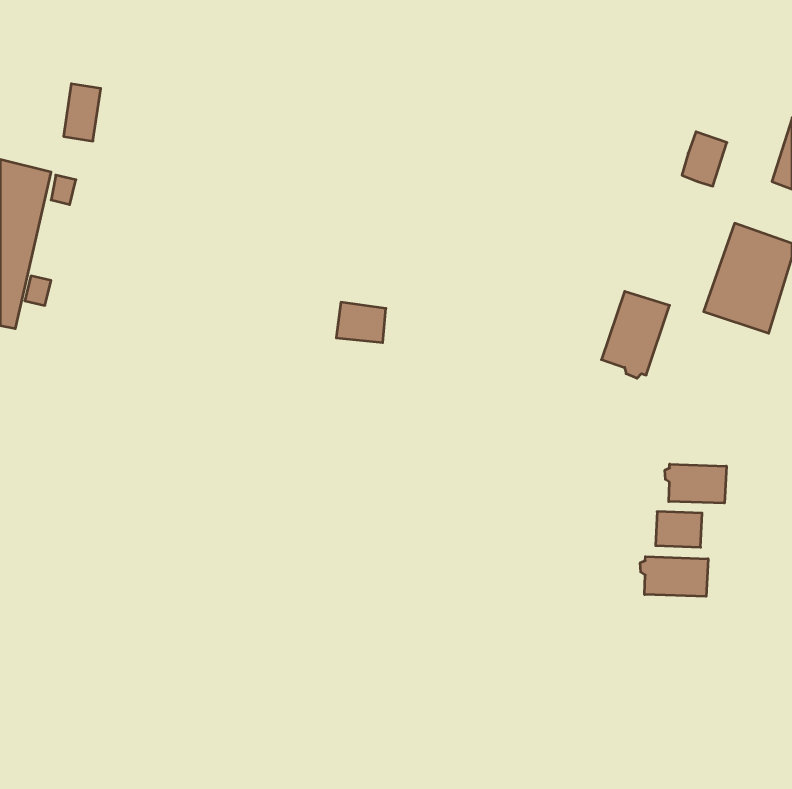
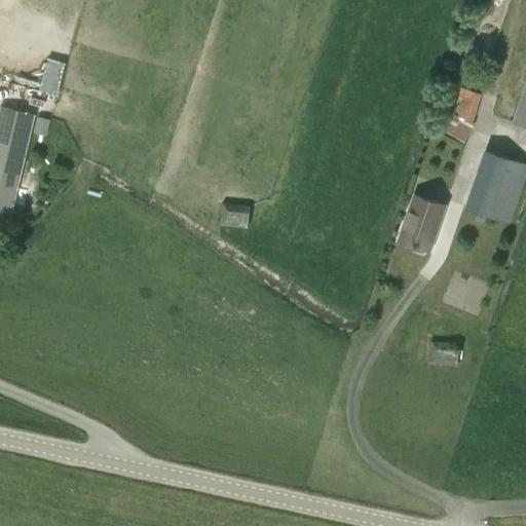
building: [665,464,726,503] -> none
building: [640,557,708,596] -> none

